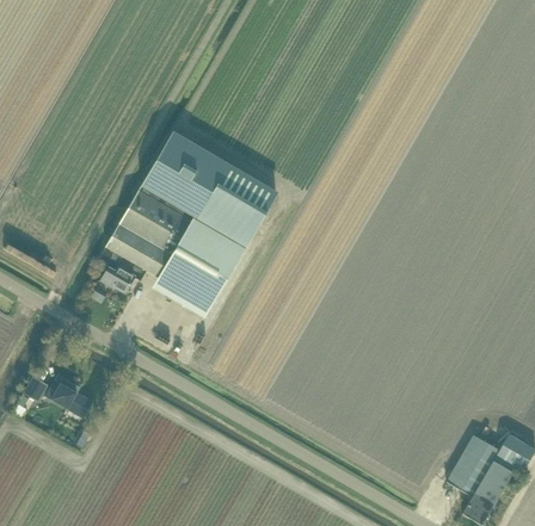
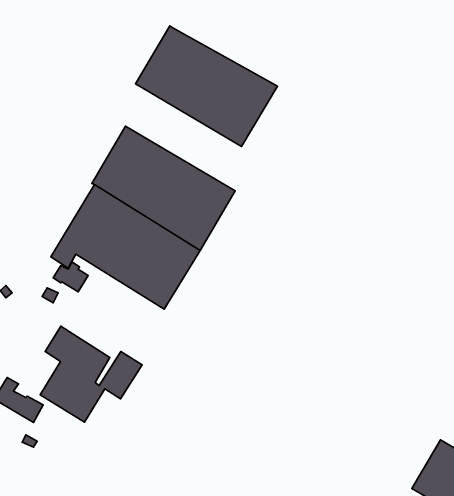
building: none -> [135,26,277,146]
building: none -> [40,326,142,422]

